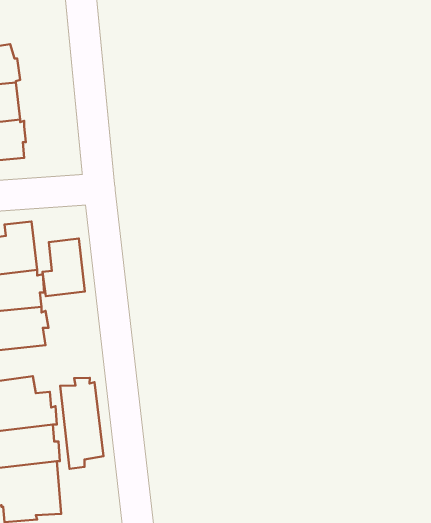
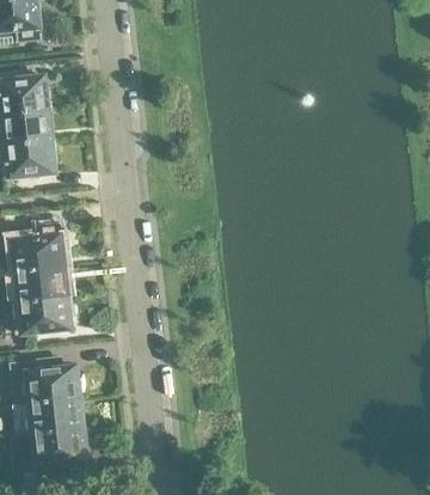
building: [42,238,85,296] -> none
building: [60,378,103,469] -> none

